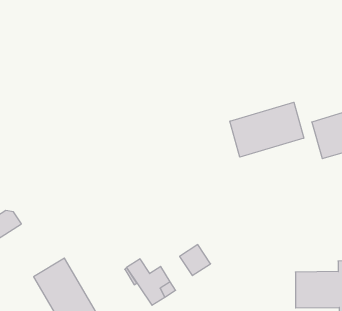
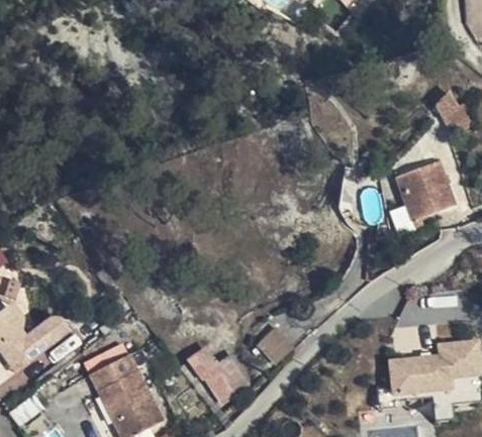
building: [230,102,304,157] -> none

